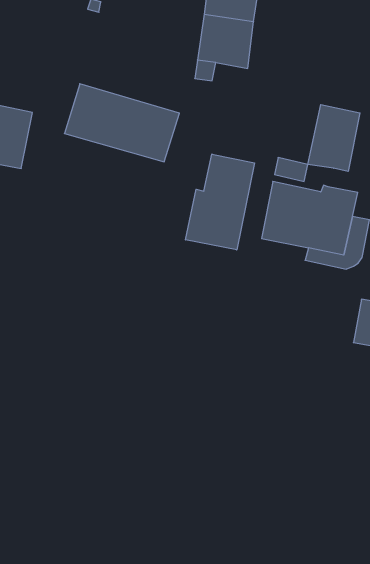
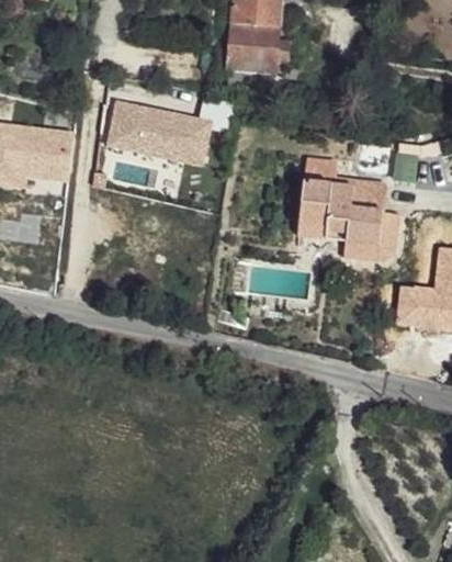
building: [308,105,360,171] -> none
building: [186,154,254,250] -> none

